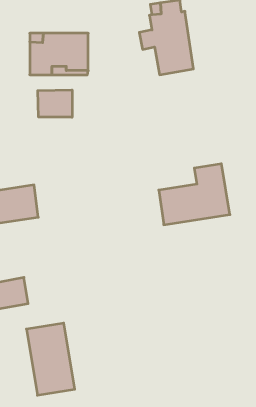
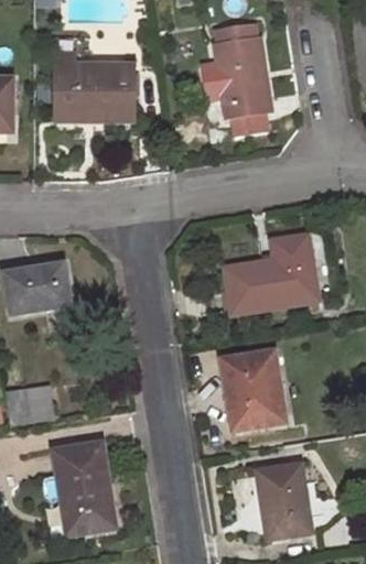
building: [38,90,72,117] -> none
building: none -> [223,350,287,430]
building: none -> [259,465,312,538]

